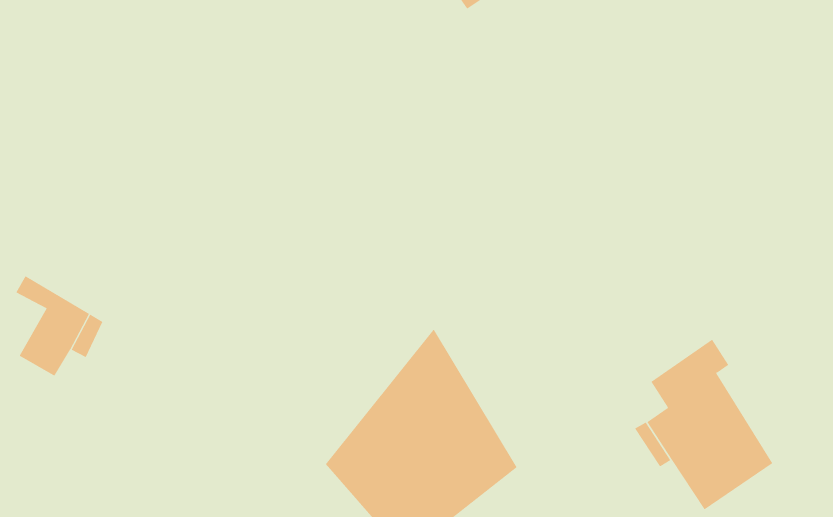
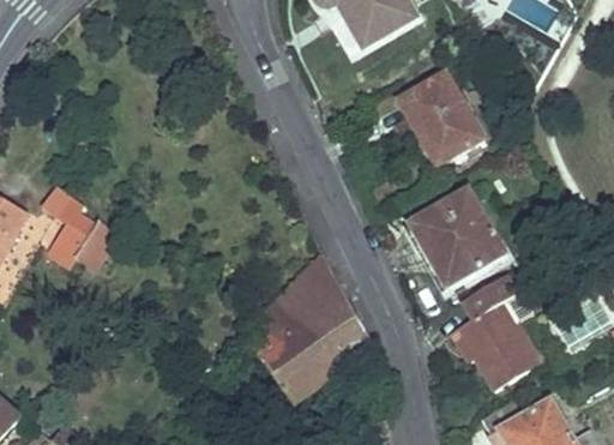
building: none -> [399,72,486,166]
building: none -> [411,190,505,288]

